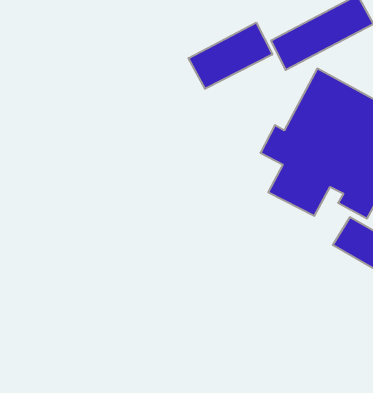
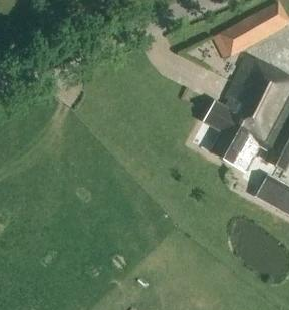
building: [188,23,272,89] -> none

